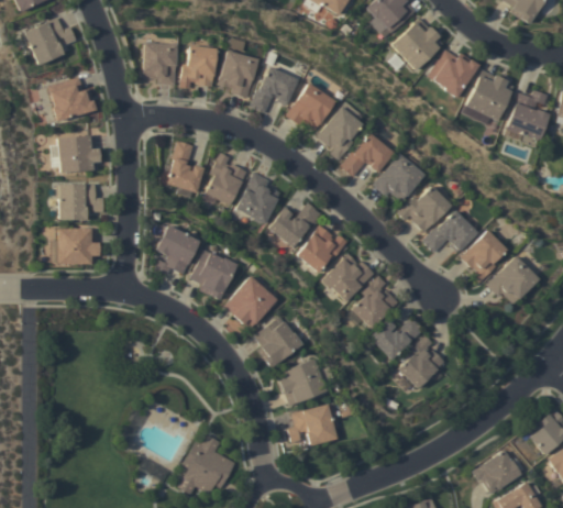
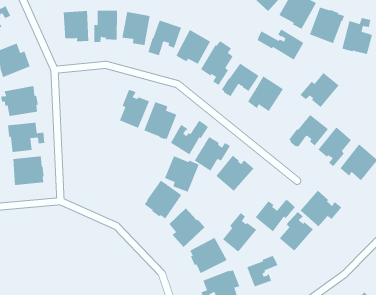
building: none -> [257,29,304,60]
building: [166,141,203,192] -> none
building: [398,186,452,232] -> [299,72,340,108]
building: [155,224,200,275] -> none
building: [190,250,239,300] -> [164,155,200,192]
building: [352,276,399,329] -> [222,212,257,253]
building: none -> [300,190,342,227]
building: none -> [247,255,278,287]

